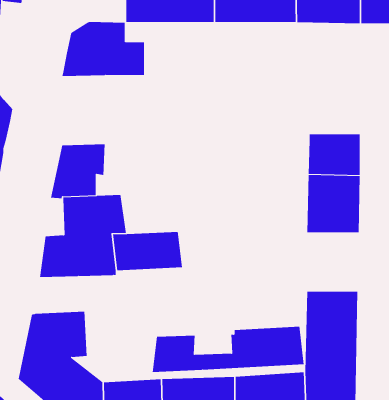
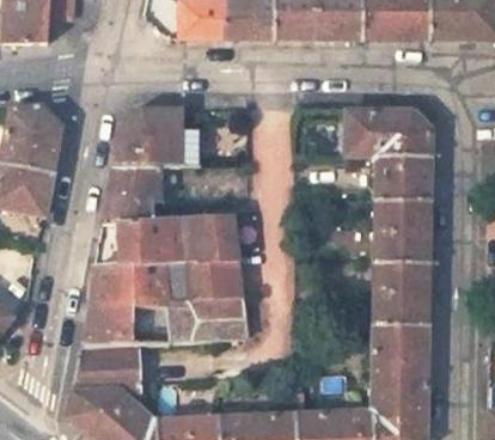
building: [62,22,145,77] -> [112,109,201,167]
building: none -> [344,111,432,155]
building: none -> [176,216,237,262]
building: none -> [373,261,429,323]
building: [152,326,305,372] -> [84,298,246,347]

